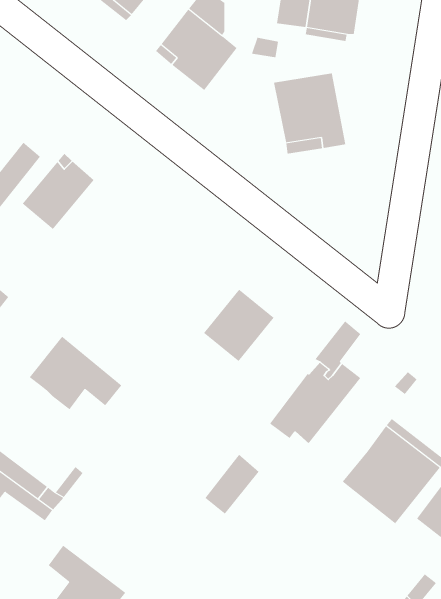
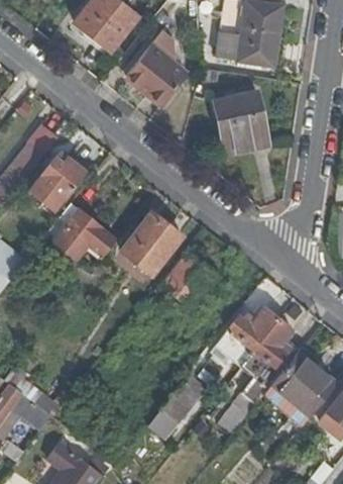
building: none -> [120,211,182,275]
building: [29,336,122,410] -> [45,204,114,259]
building: none -> [217,318,296,434]

